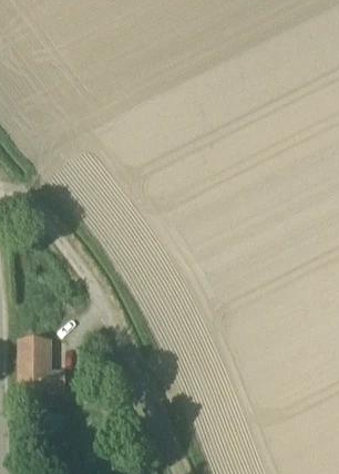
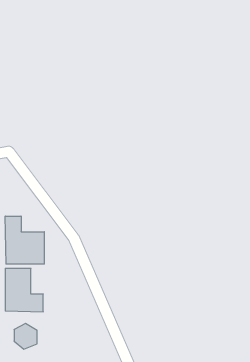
building: none -> [5,216,44,264]

